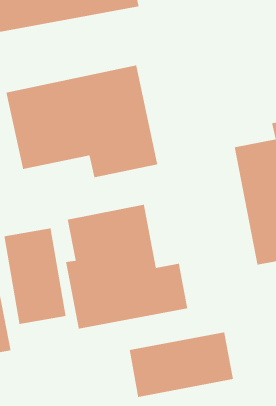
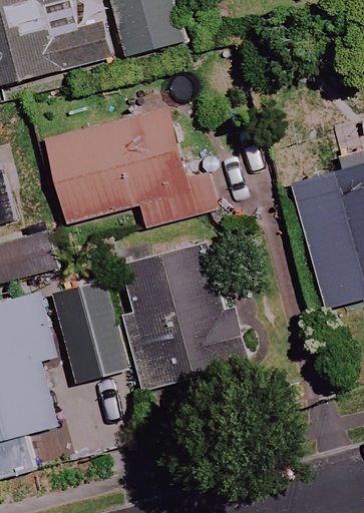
building: [129,331,234,398] -> none

